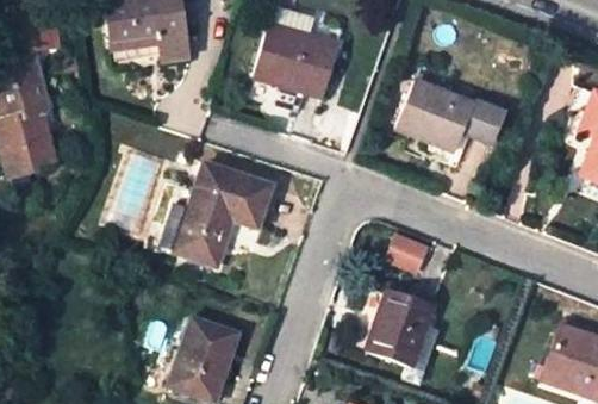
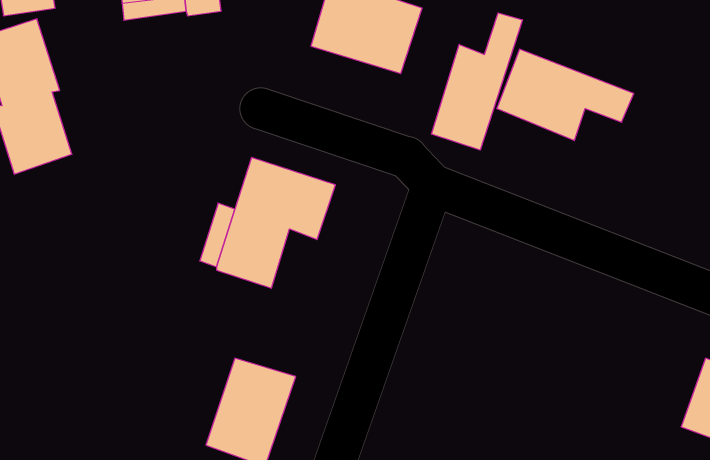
building: none -> [432,13,522,150]
building: [388,235,434,279] -> none
building: [360,288,432,369] -> none

